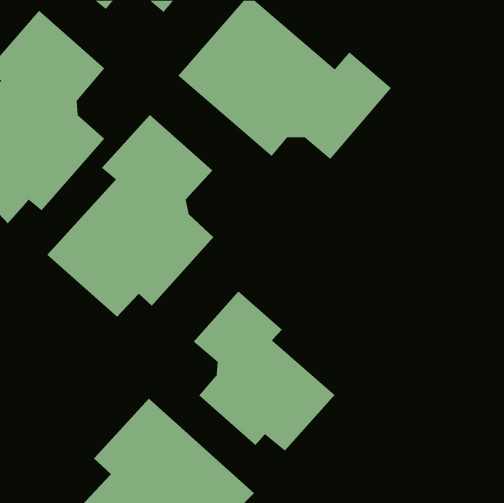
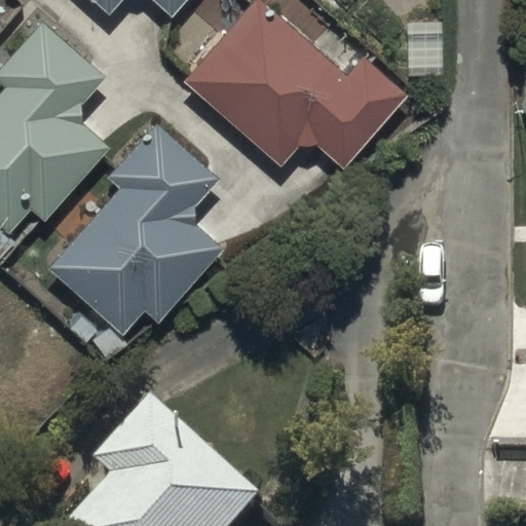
building: [193,291,335,452] -> none

